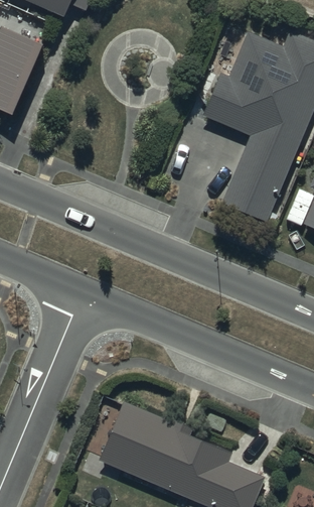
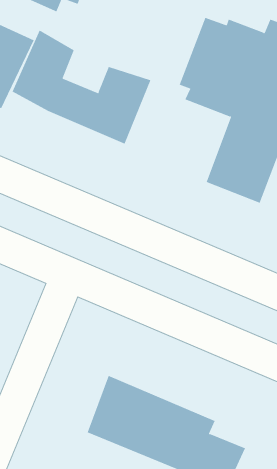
building: none -> [12,30,151,145]

